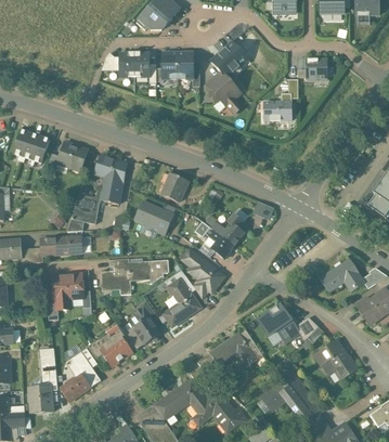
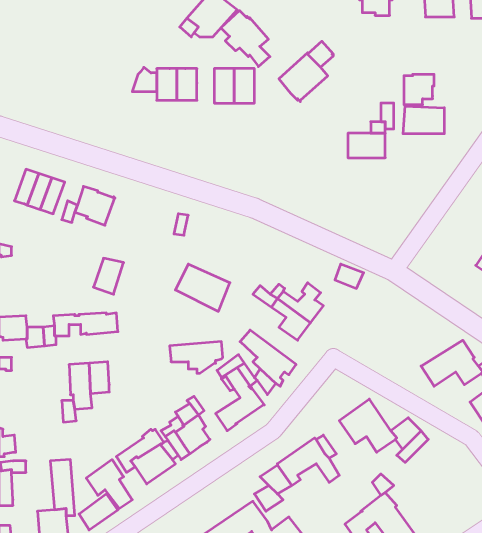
building: [206,72,243,114] -> [221,11,270,67]
building: none -> [403,106,444,134]
building: [95,155,128,204] -> none
building: [161,173,189,202] -> none
building: [101,258,131,295] -> none
building: [314,340,358,379] -> none

